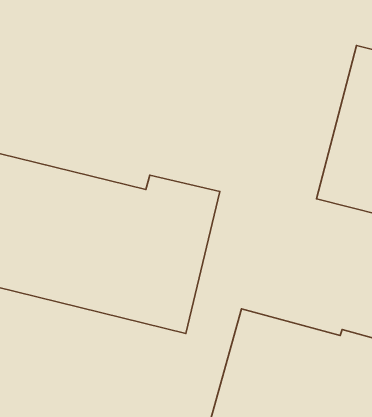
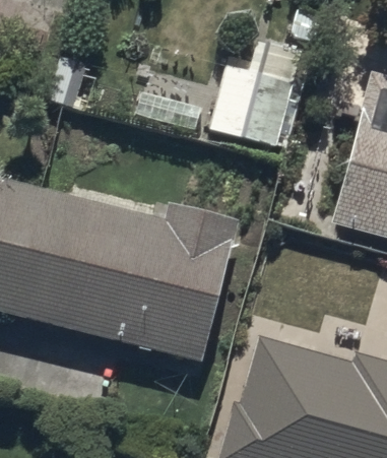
building: none -> [209,41,302,147]

